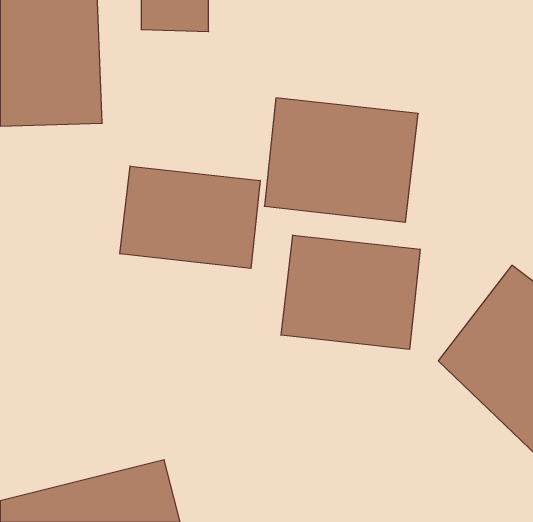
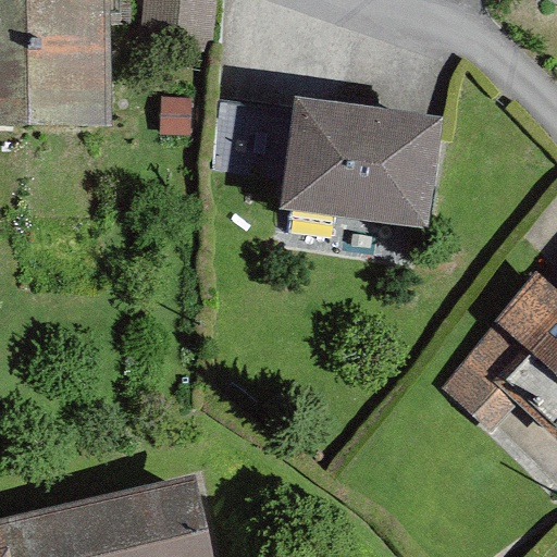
building: [120,166,260,268] -> none
building: [281,235,420,349] -> none

